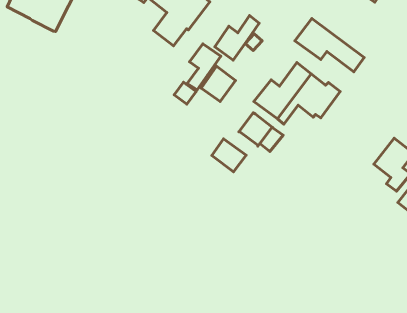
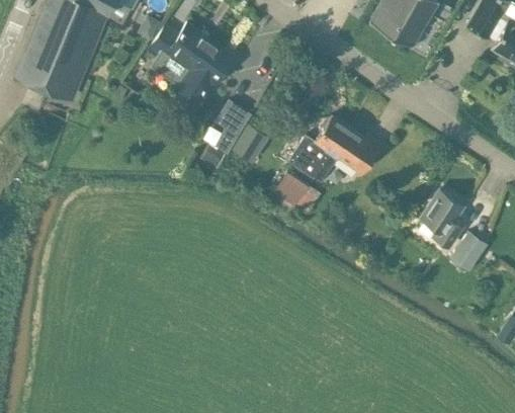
building: [215,16,259,60] -> none
building: [295,18,364,72] -> none
building: [212,139,246,172] -> none

